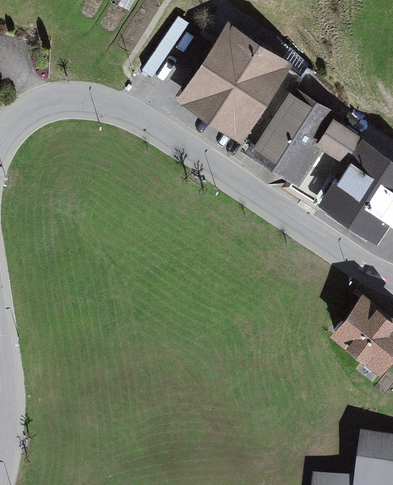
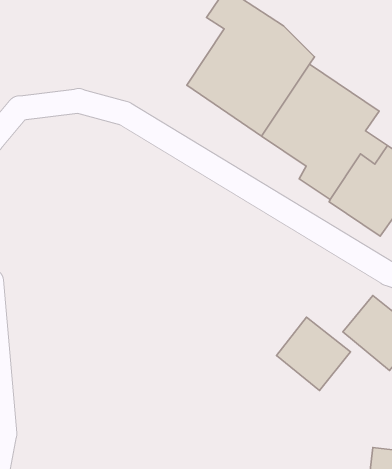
building: none -> [276,317,350,390]

